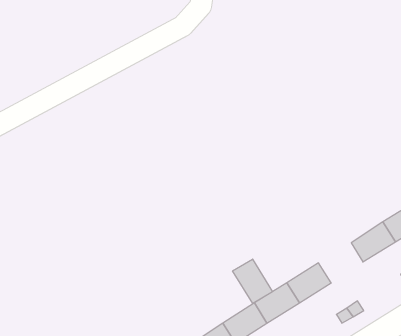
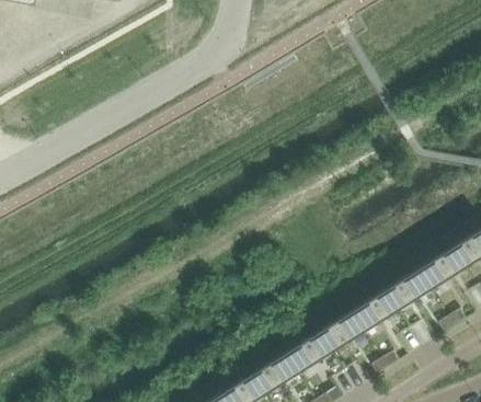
building: none -> [351,289,397,331]
building: [233,259,273,304] -> none

